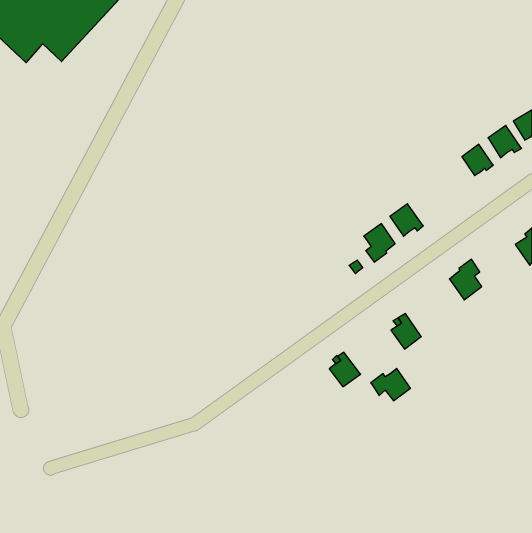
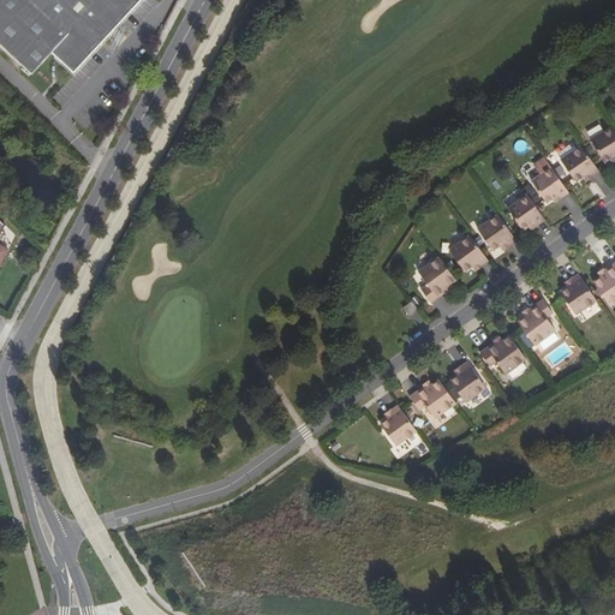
building: none -> [507,193,544,229]
building: none -> [476,213,515,250]
building: none -> [559,271,595,312]
building: none -> [478,334,525,374]
building: [371,368,410,401] -> [407,378,453,416]

